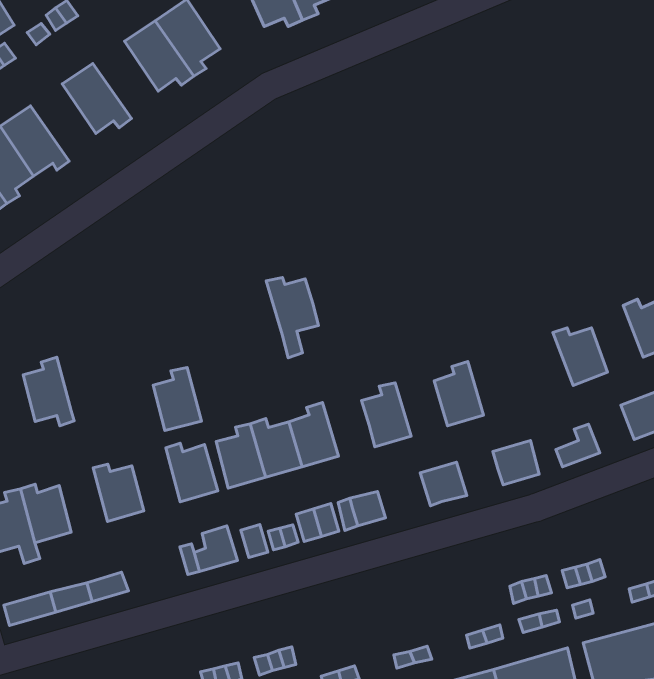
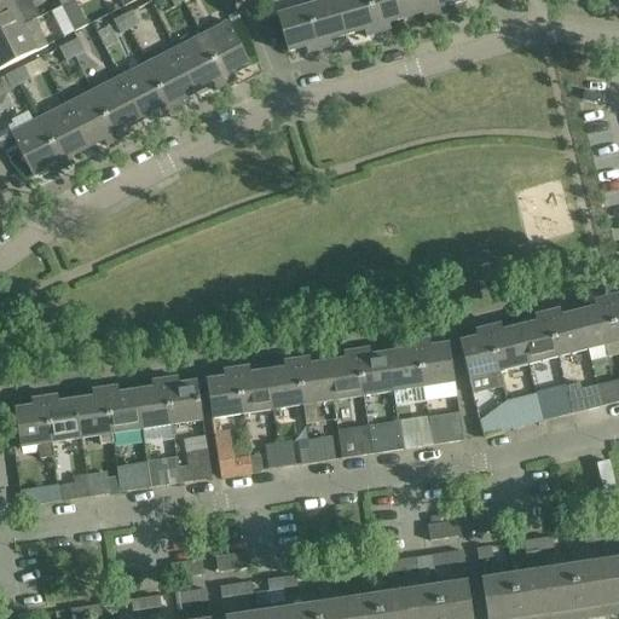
building: none -> [146,46,196,109]
building: none -> [92,74,141,137]
building: [266,277,319,358] -> [296,355,334,421]
building: none -> [520,310,559,361]
building: none -> [459,324,503,391]
building: [23,357,74,426] -> [76,386,112,441]
building: none -> [417,337,455,383]
building: [153,367,201,430] -> [137,377,172,426]
building: none -> [357,346,394,393]
building: none -> [507,389,543,426]
building: none -> [398,413,433,446]
building: none -> [337,423,372,456]
building: none -> [116,461,151,488]

